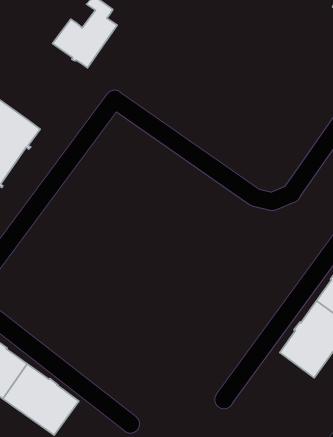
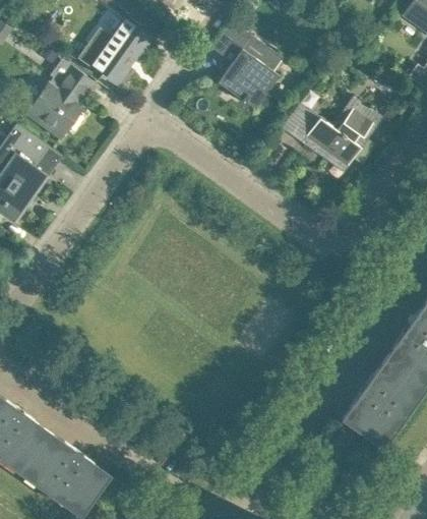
building: none -> [211,22,283,111]
building: none -> [26,63,93,139]
building: none -> [290,98,379,167]

